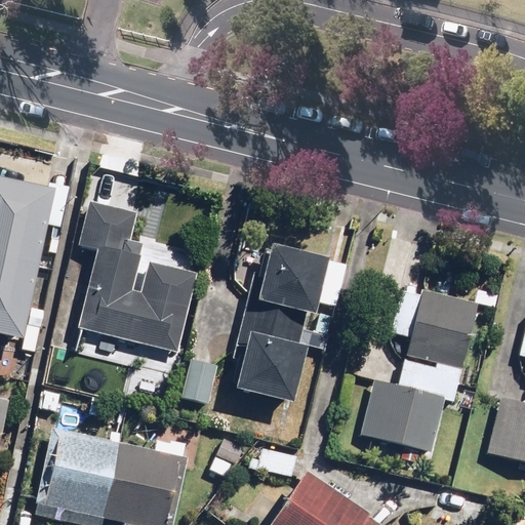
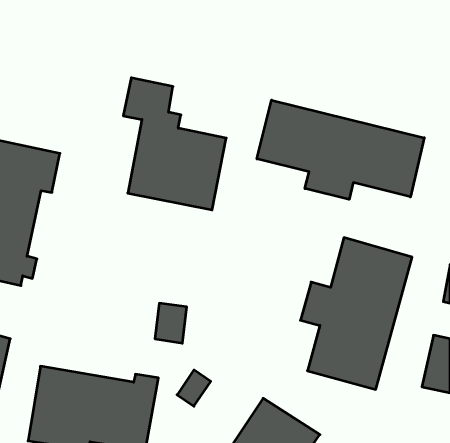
building: none -> [257,100,424,199]
building: [76,201,195,354] -> [123,78,226,210]
building: [232,242,348,401] -> none

